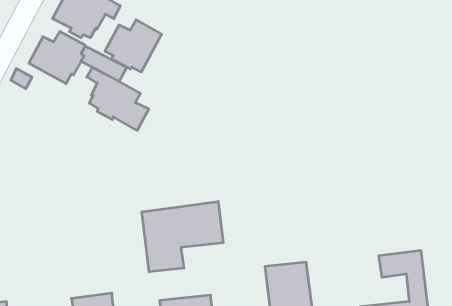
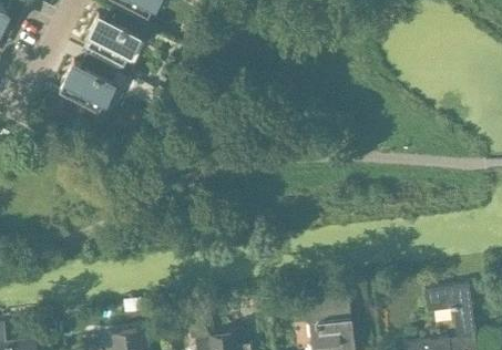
building: [105,20,162,72] -> none
building: [87,67,149,130] -> none
building: [142,201,223,272] -> none

